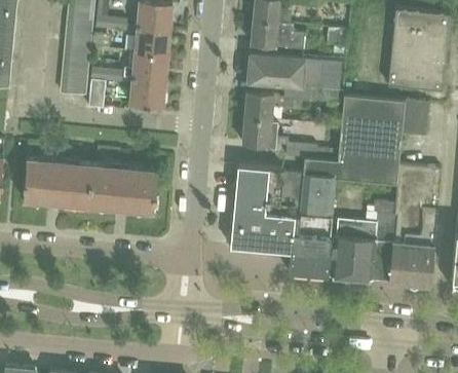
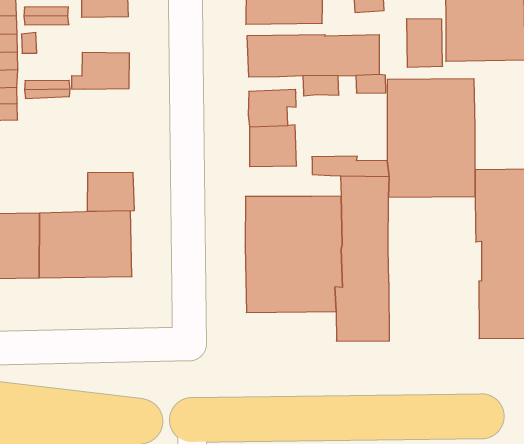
building: [135,29,169,58] -> none
building: [129,79,164,109] -> [87,172,134,211]
building: [403,102,430,138] -> [406,19,443,67]
building: [331,202,398,284] -> none

